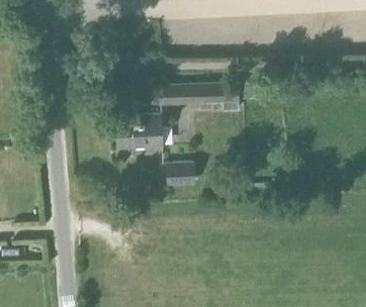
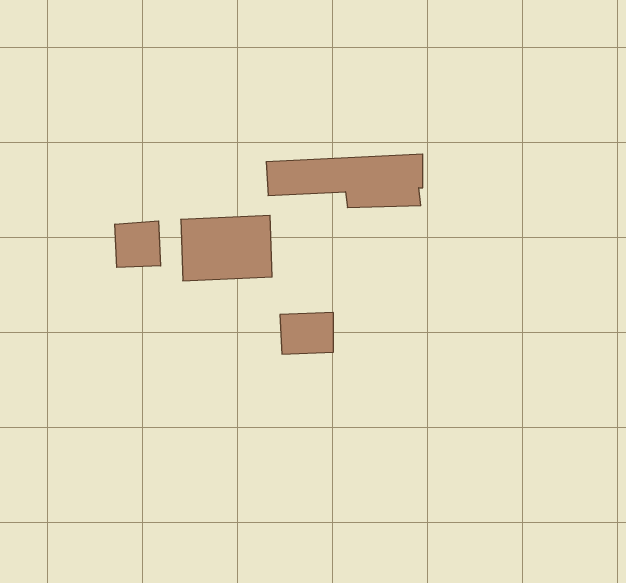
building: none -> [115,221,161,267]

